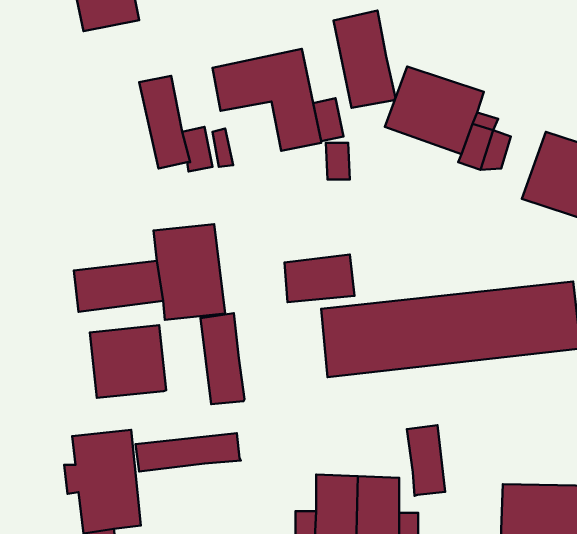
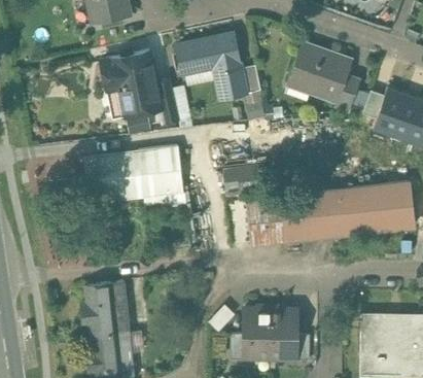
building: [333,11,396,108] -> none
building: none -> [101,56,141,114]
building: [200,313,245,404] -> none
building: [90,325,166,398] -> none
building: [407,425,445,496] -> none
building: [135,433,241,472] -> none

